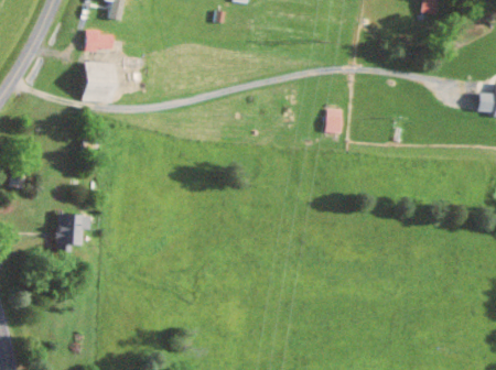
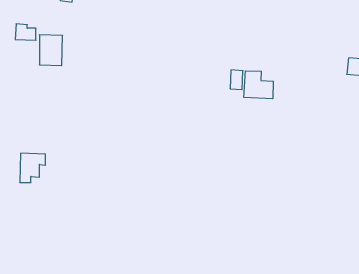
building: [86,29,112,50] -> [15,24,36,40]
building: none -> [244,71,273,99]

